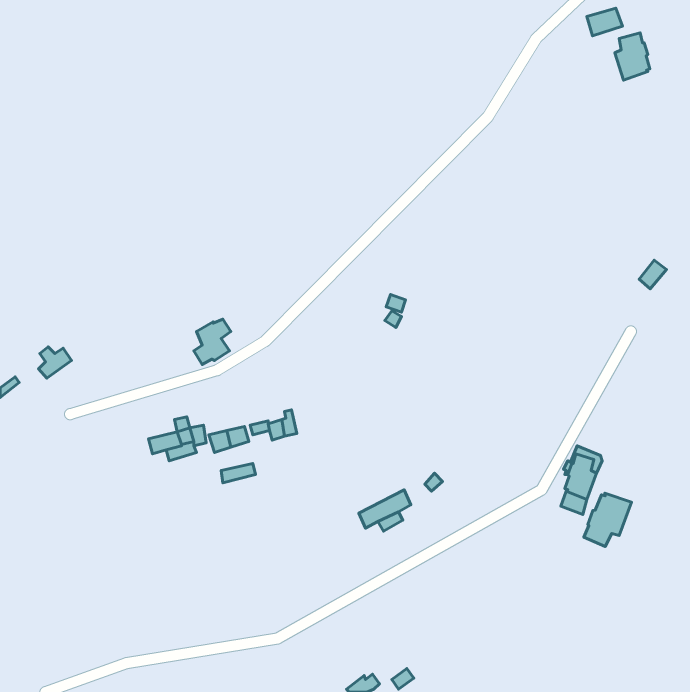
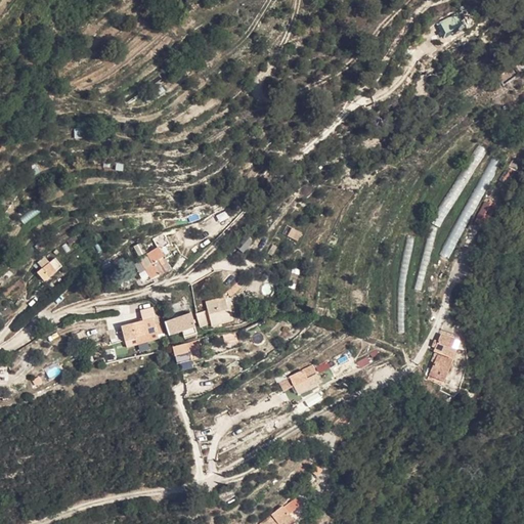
building: [615,33,650,80] -> none
building: [584,493,631,547] -> none

